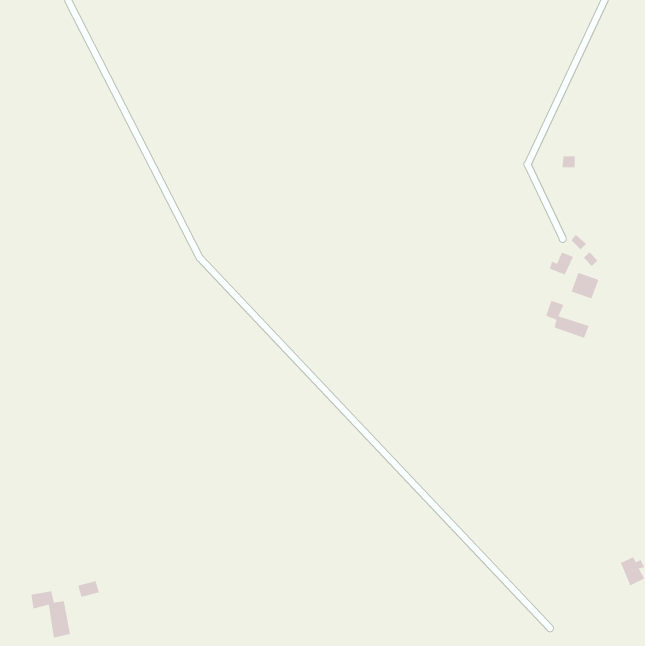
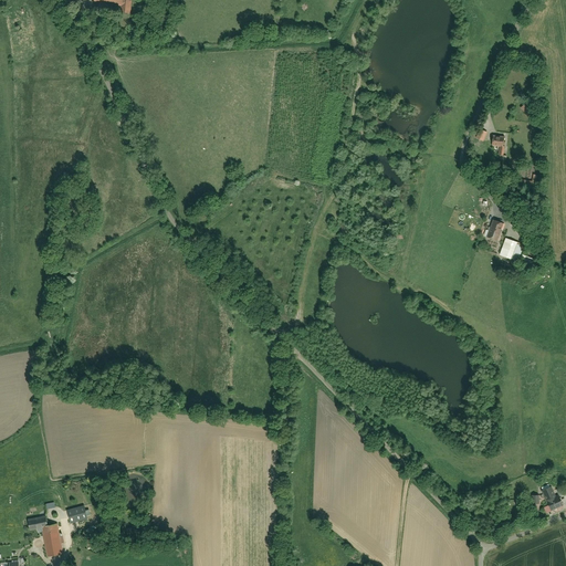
building: [545,300,590,339] -> none

